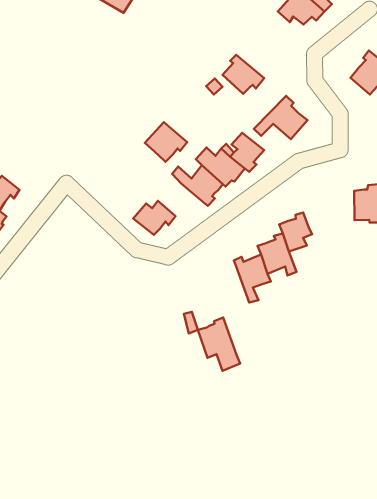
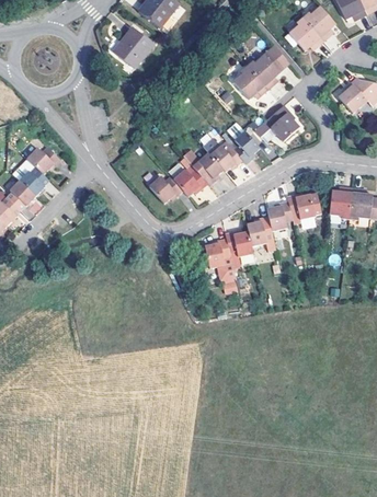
building: none -> [113,24,152,63]
building: none -> [248,47,290,90]
building: [145,122,187,162] -> [173,169,208,201]
building: none -> [287,197,316,222]
building: [198,318,240,371] -> [206,241,238,285]

